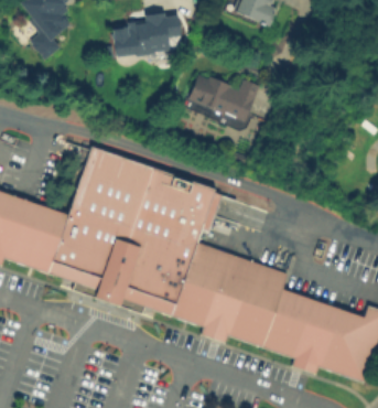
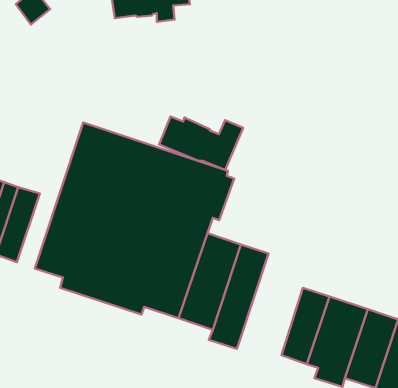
building: [187,74,260,120] -> [159,116,243,170]
building: [32,208,67,273] -> none
building: [225,260,287,348] -> none

